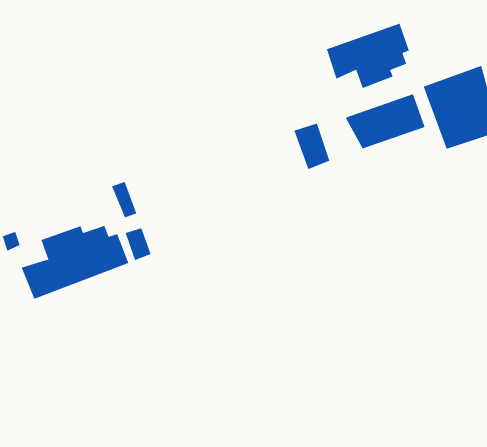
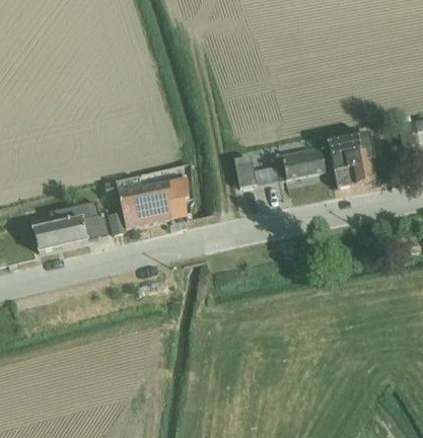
building: [326,23,410,89] -> none
building: none -> [117,174,188,228]

